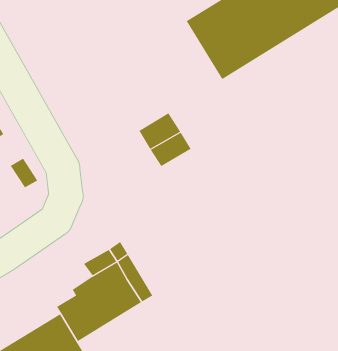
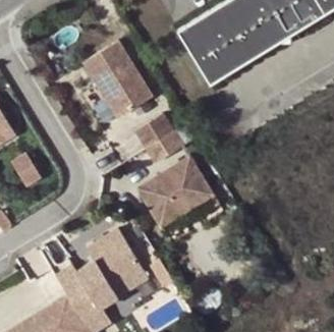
building: none -> [84,40,152,117]
building: none -> [138,158,213,227]

